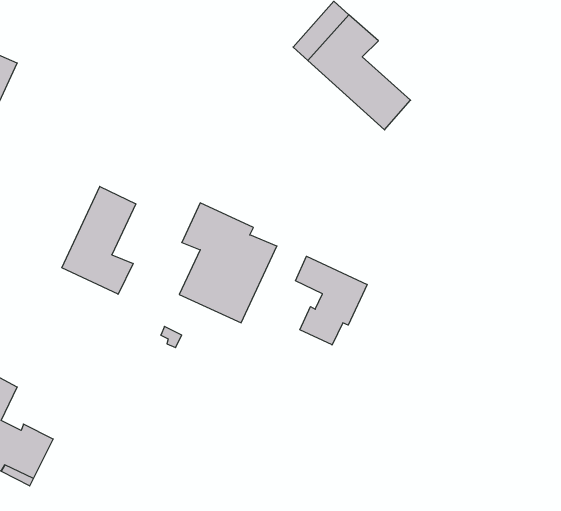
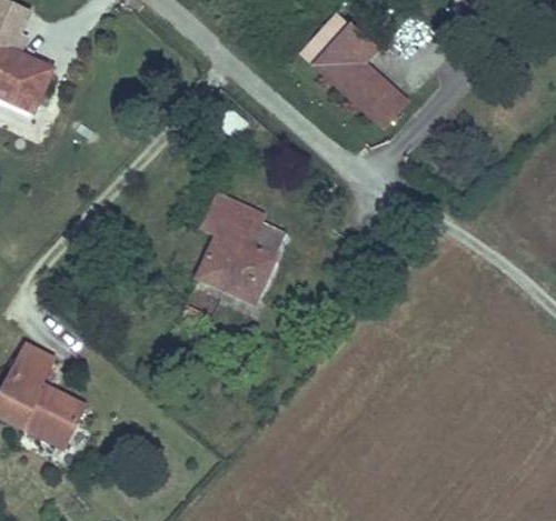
building: [62,186,136,294] -> none
building: [295,256,367,345] -> none

